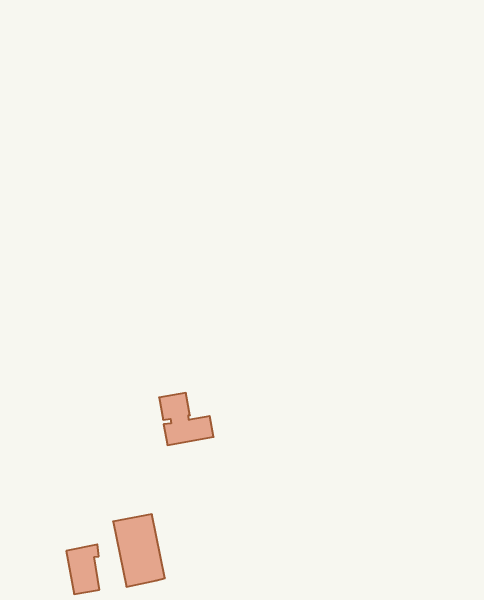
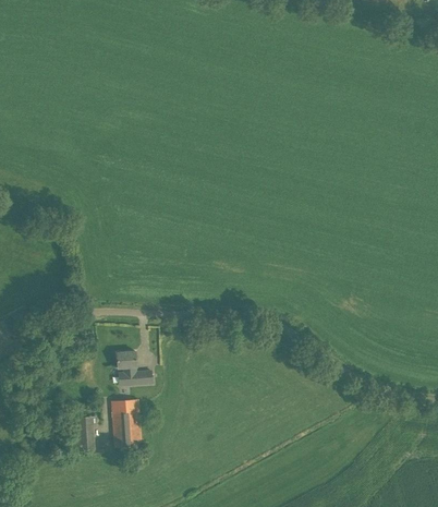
building: [159,393,214,445] -> [115,350,151,386]

